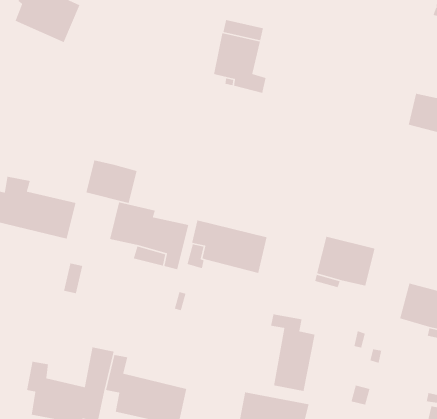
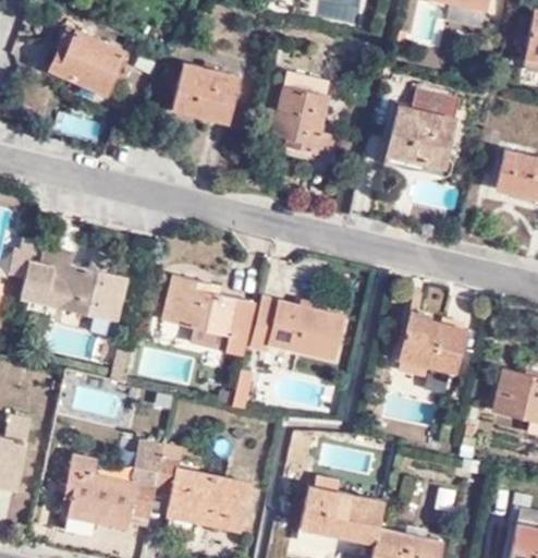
building: none -> [178,59,245,119]
building: none -> [391,87,465,165]
building: [85,159,138,204] -> none
building: [270,313,315,392] -> none

